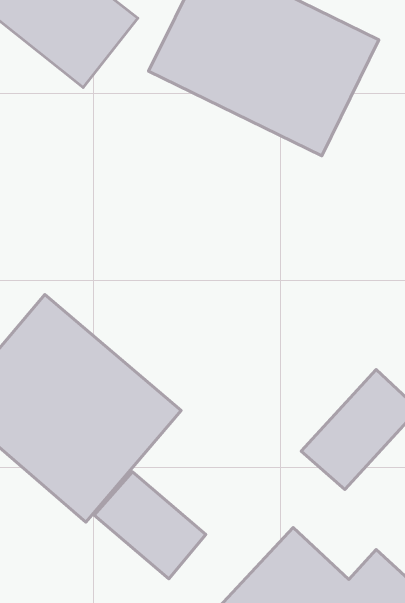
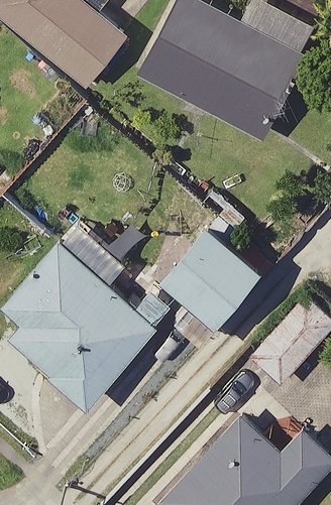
building: none -> [162,225,266,328]
building: [94,472,206,579] -> none

